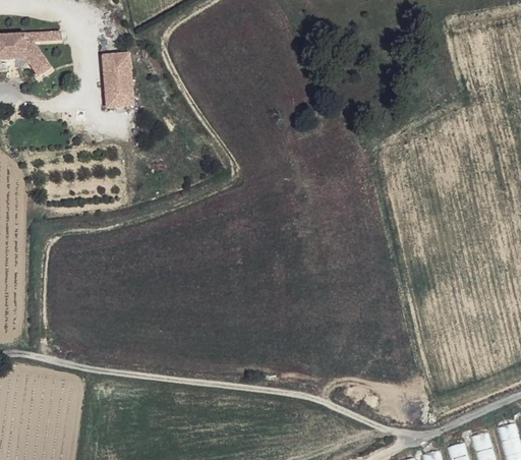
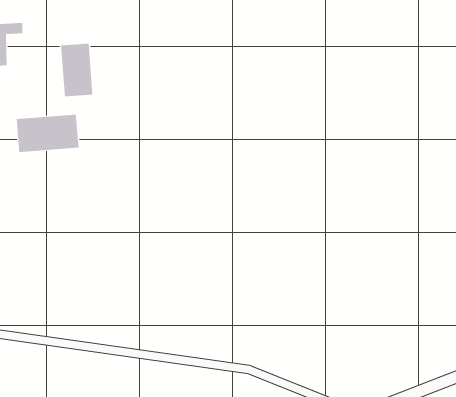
building: none -> [16,114,79,153]

